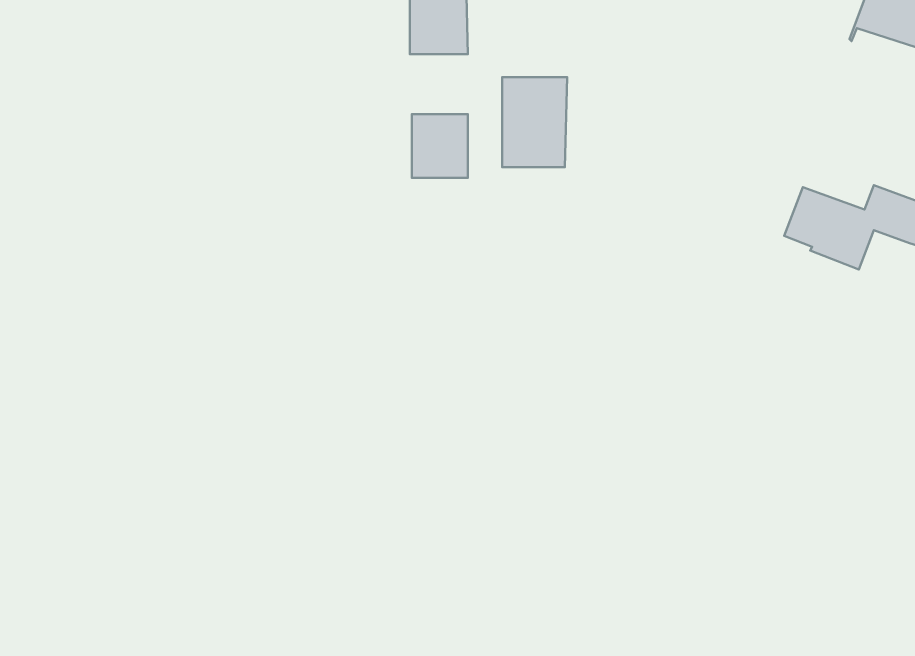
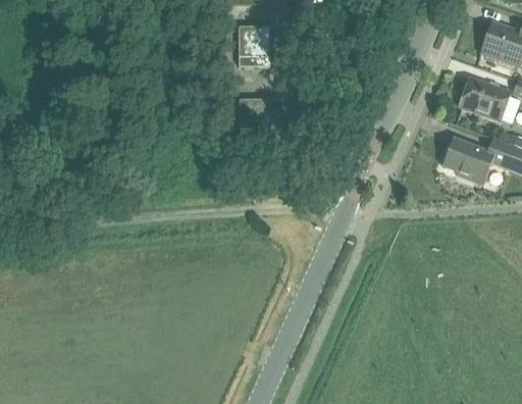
building: none -> [459,77,510,119]
building: [502,77,567,167] -> none

